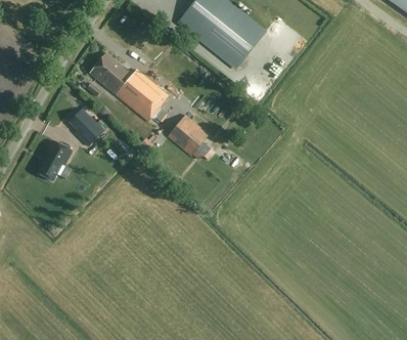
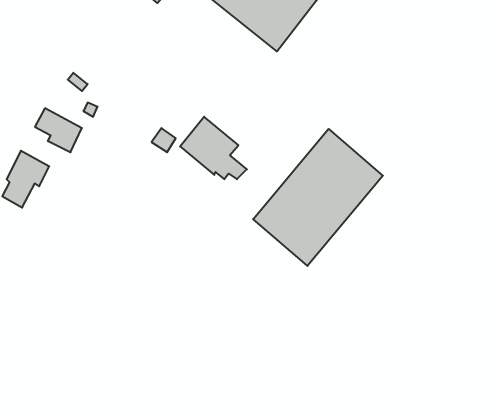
building: [88,51,168,119] -> none
building: none -> [253,129,383,266]

